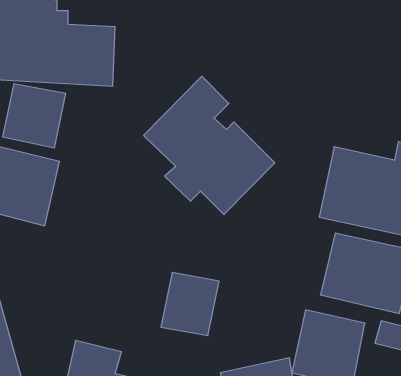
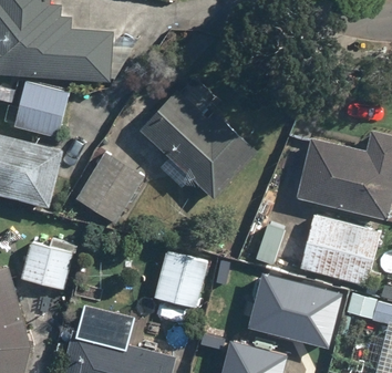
building: none -> [74,152,143,221]
building: none -> [19,241,72,290]

